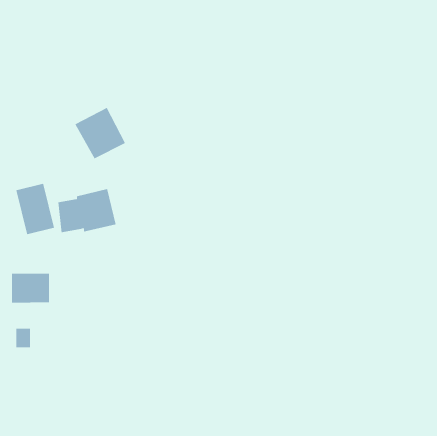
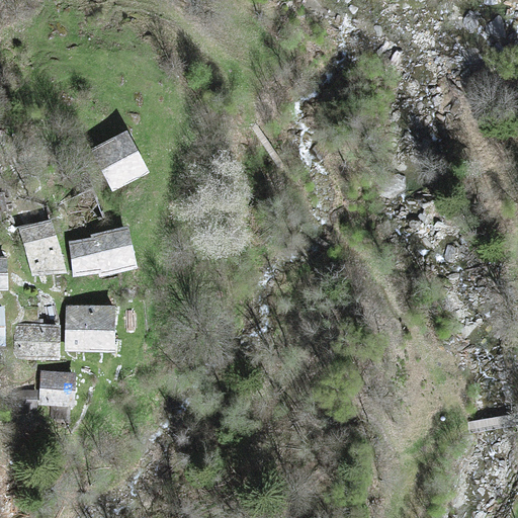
building: none -> [65,305,115,350]
building: none -> [39,370,76,406]

